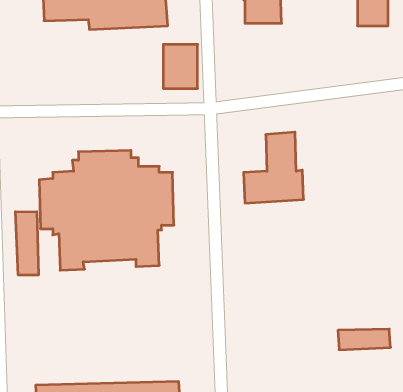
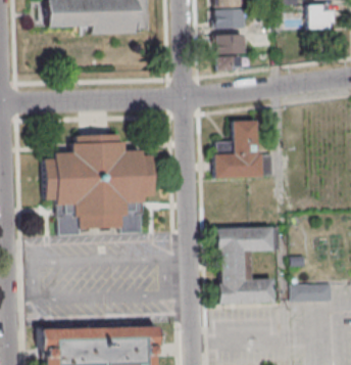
building: [163,44,198,88] -> [216,34,245,71]
building: [15,212,38,275] -> none
building: none -> [215,226,277,303]

